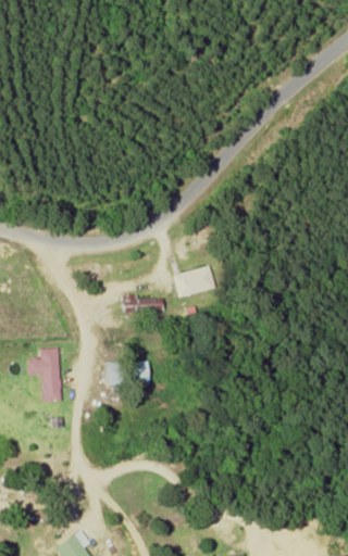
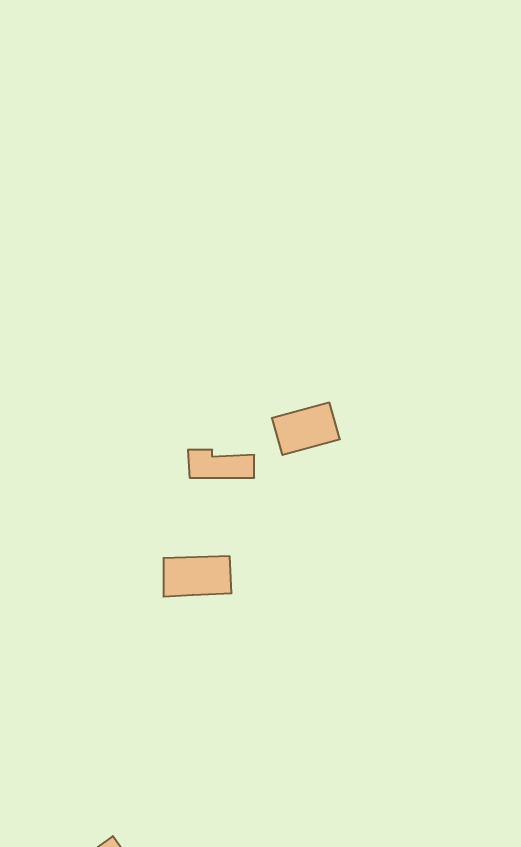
building: [26,348,61,402] -> none

